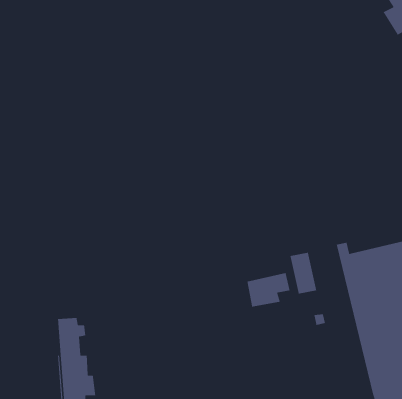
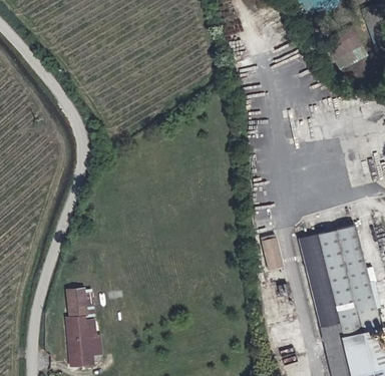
building: [246,272,290,307] -> none

